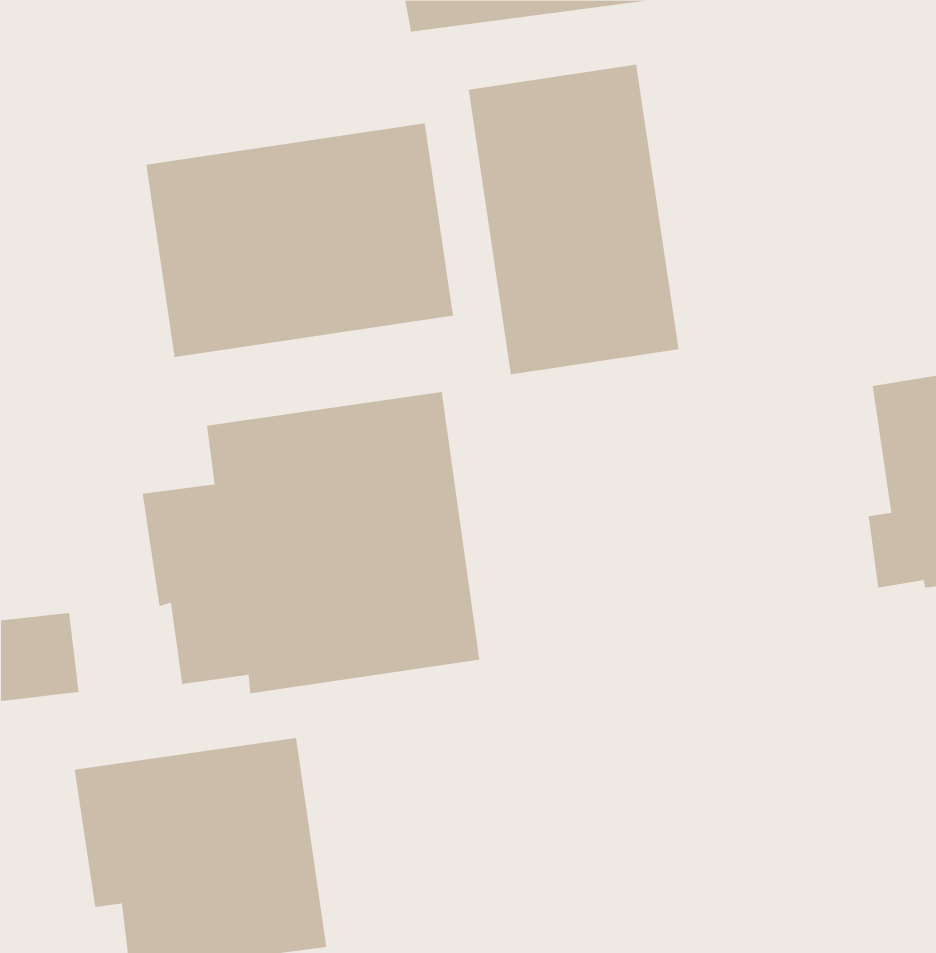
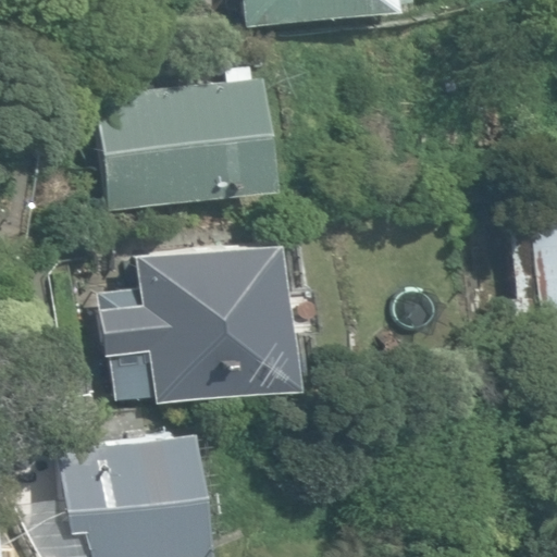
building: [468,64,679,375] -> none

